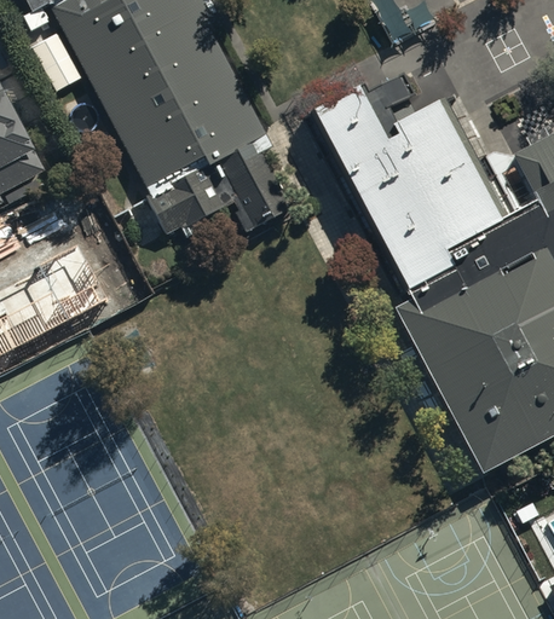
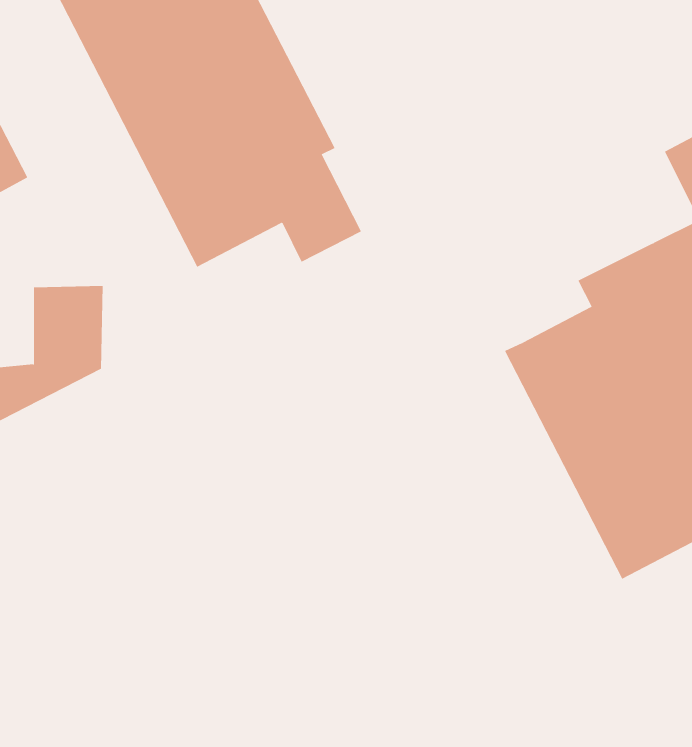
building: [314,85,504,290] -> none

